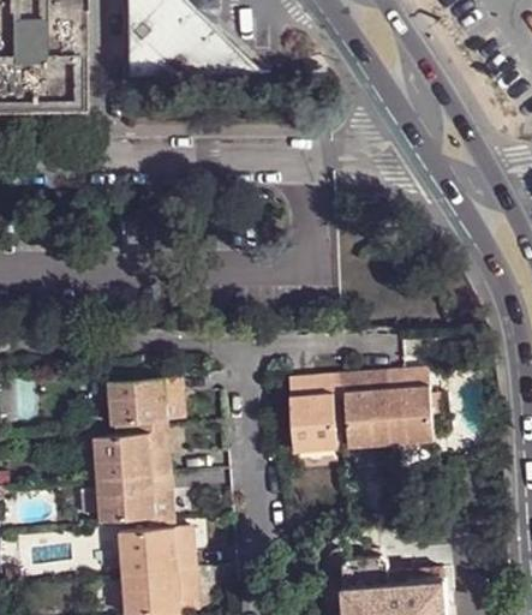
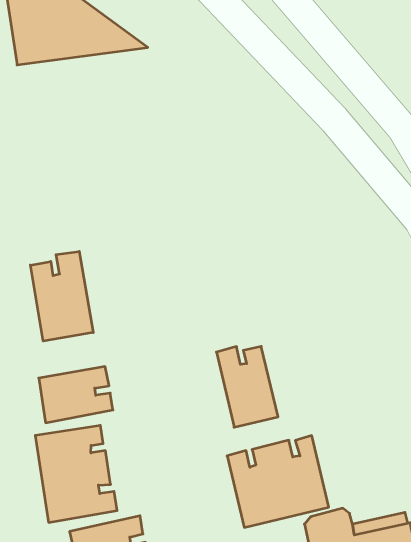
building: none -> [30,251,93,341]
building: [341,372,432,452] -> [227,436,329,527]

